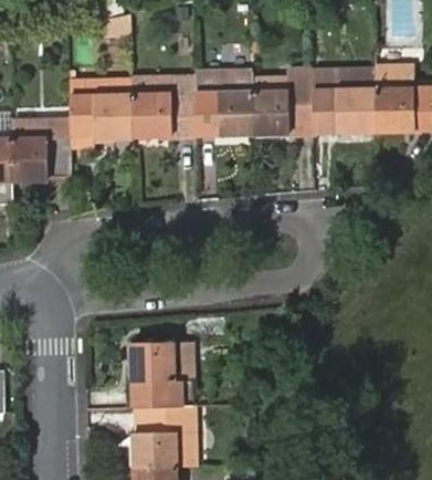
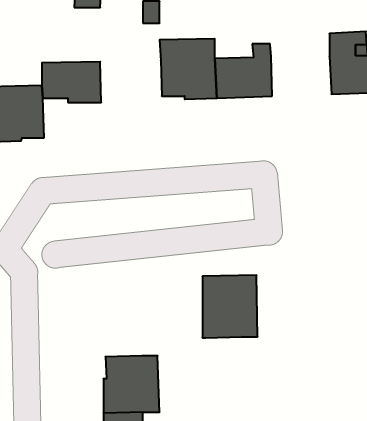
building: [312,76,377,132] -> none
building: [131,94,197,138] -> none
building: [134,342,192,408] -> [202,275,258,338]

